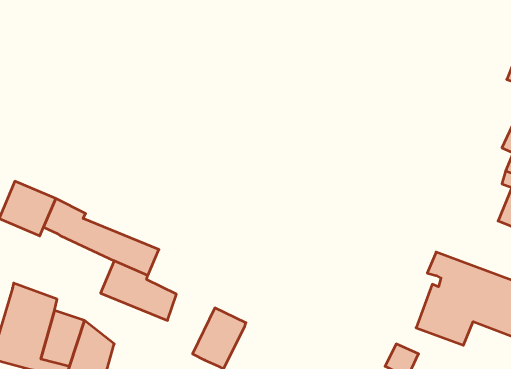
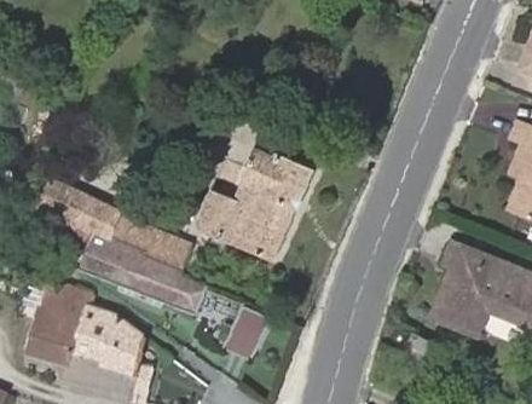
building: none -> [196,150,312,260]
building: none -> [70,229,144,287]

